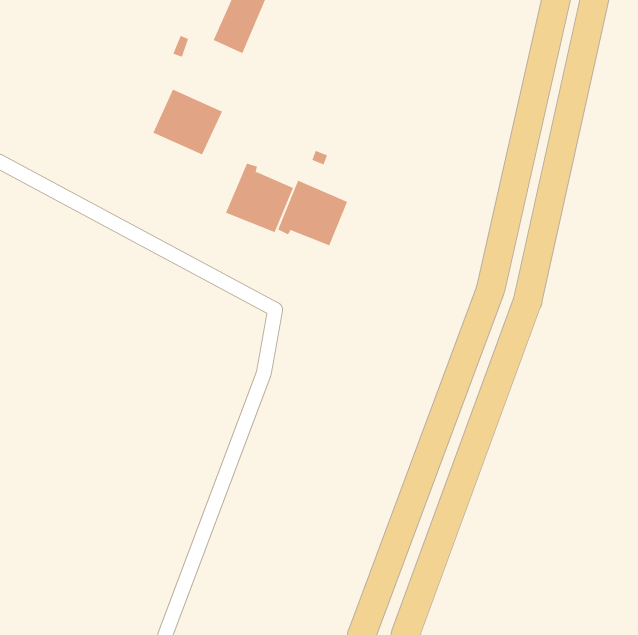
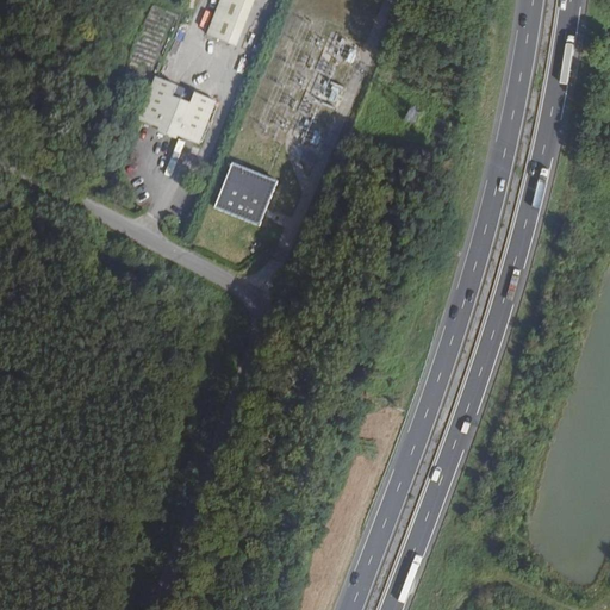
building: [277,180,348,246] -> none

